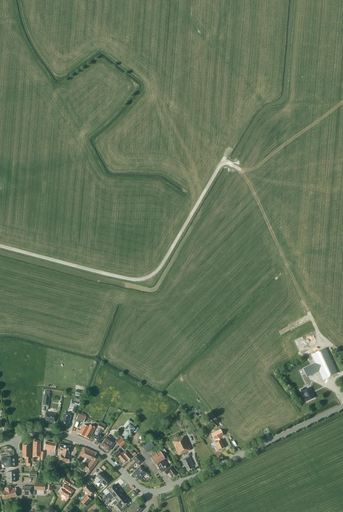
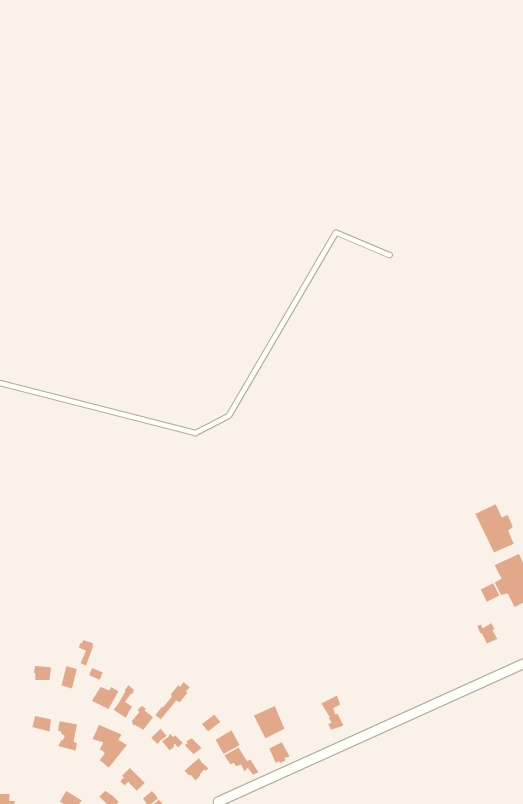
building: none -> [474,503,515,553]

